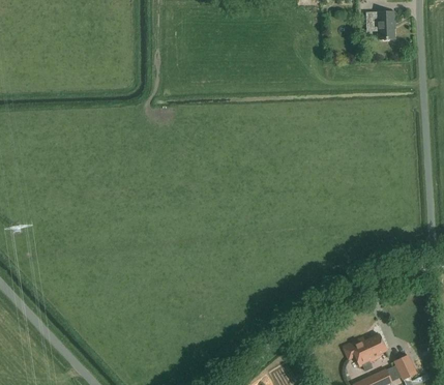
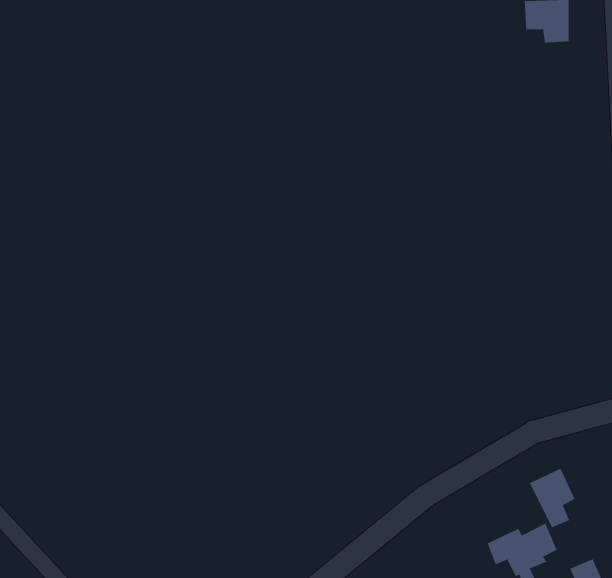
building: none -> [529,468,575,528]

